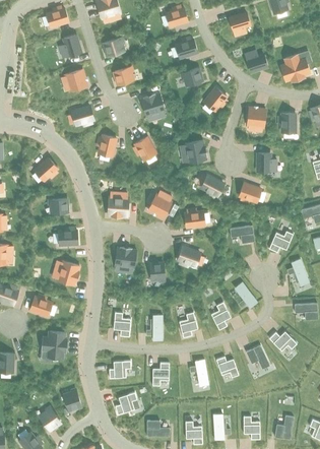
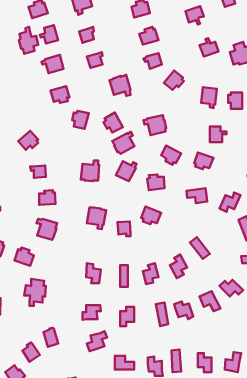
building: none -> [19,27,38,54]
building: none -> [112,132,135,154]

